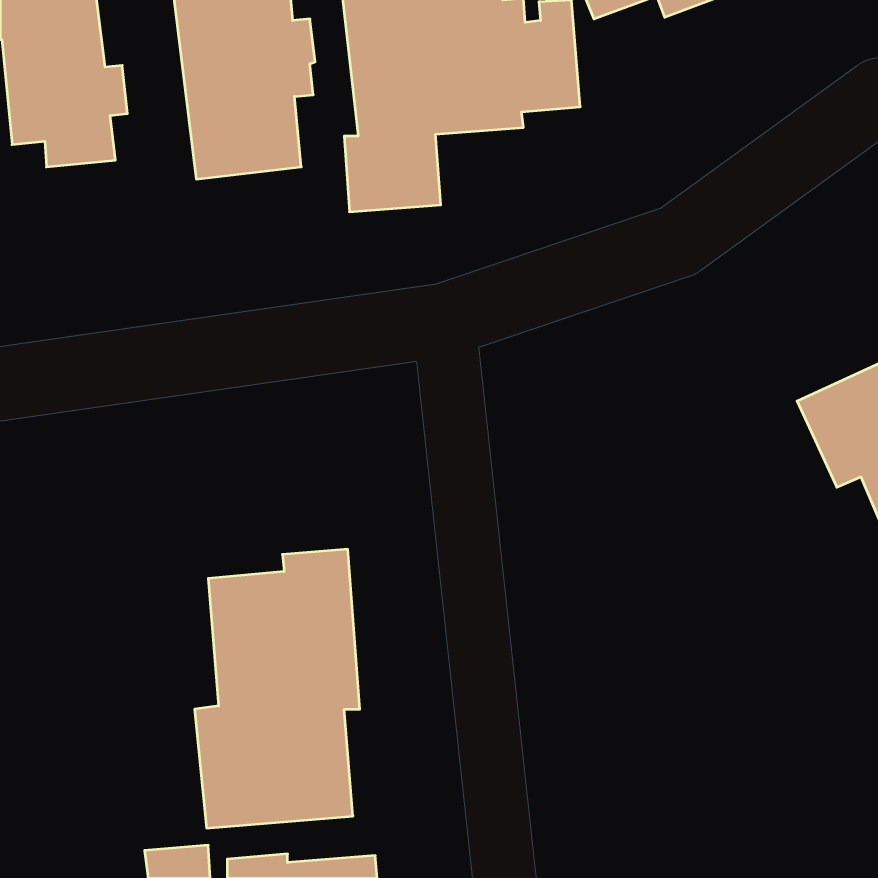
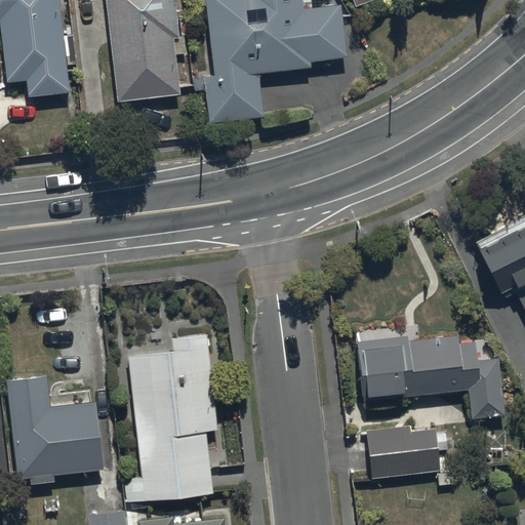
building: none -> [360,337,508,419]
building: none -> [5,366,103,473]
building: none -> [368,425,455,487]

